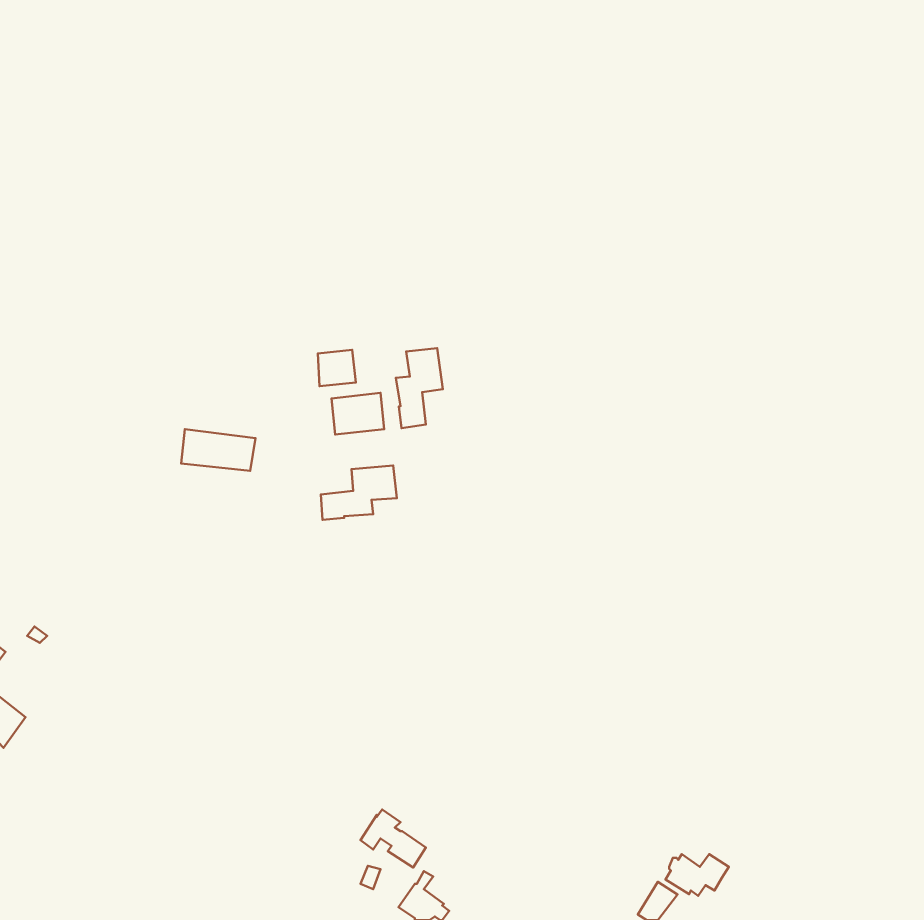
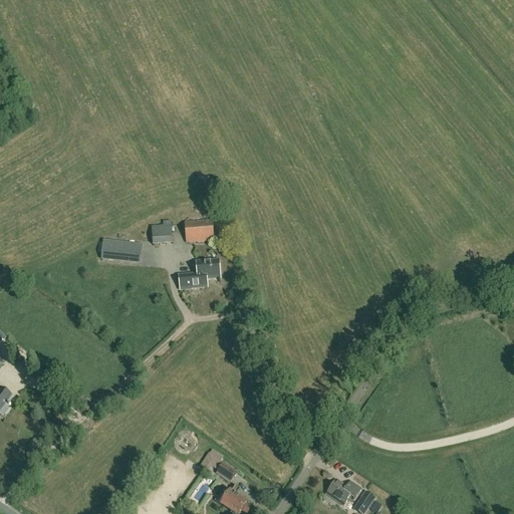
building: [396,348,443,428] -> none
building: [318,350,356,386] -> [151,223,172,243]
building: [666,854,729,896] -> [325,478,360,501]

